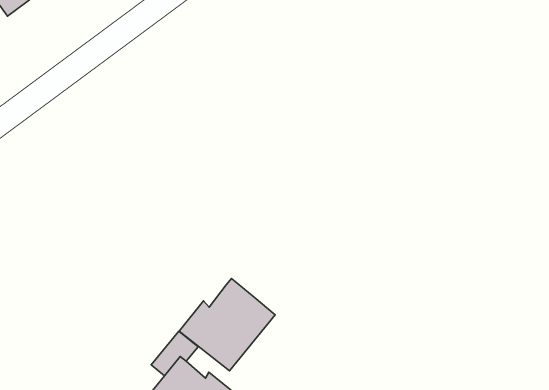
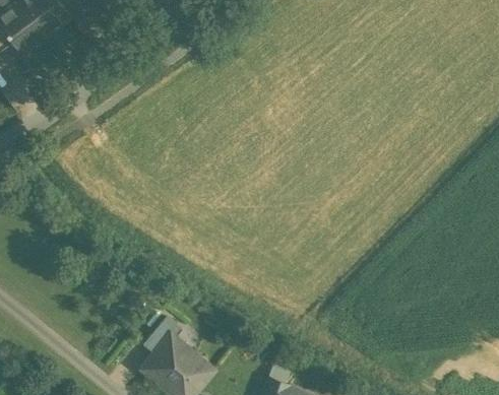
building: [179,279,275,371] -> none

